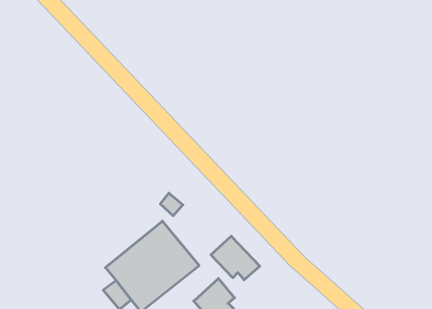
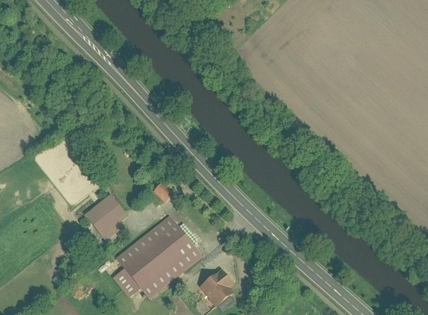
building: none -> [84,195,126,240]
building: [211,236,260,280] -> none

